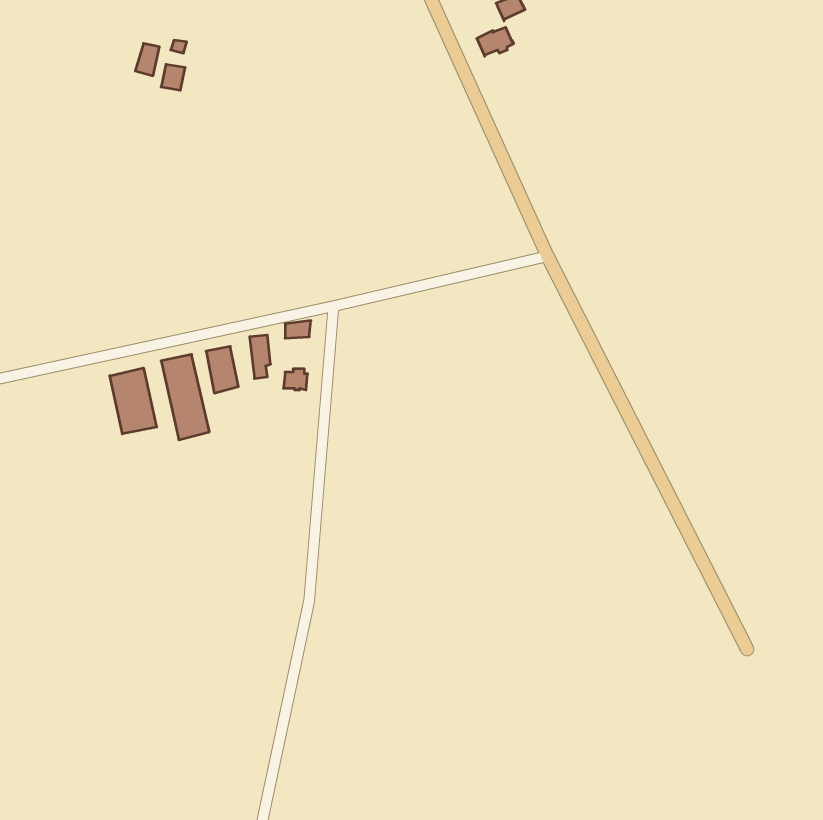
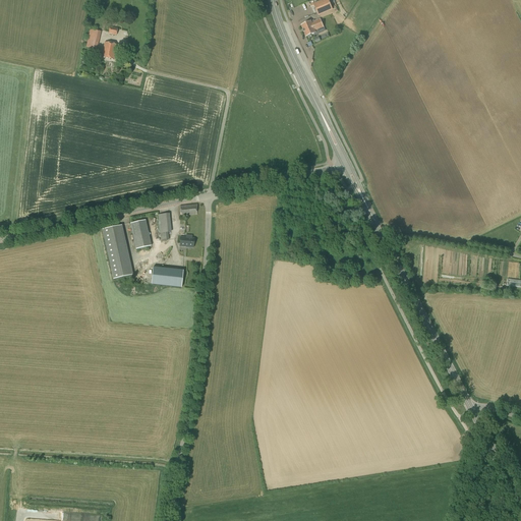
building: [110,368,157,434] -> none
building: none -> [151,266,183,286]

